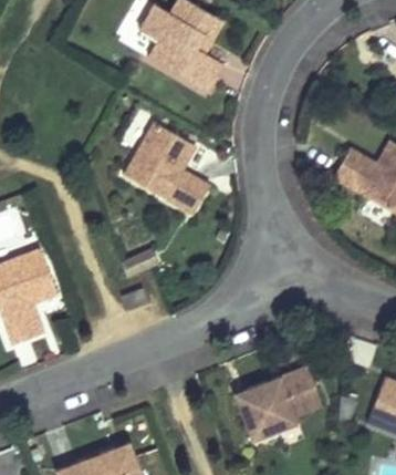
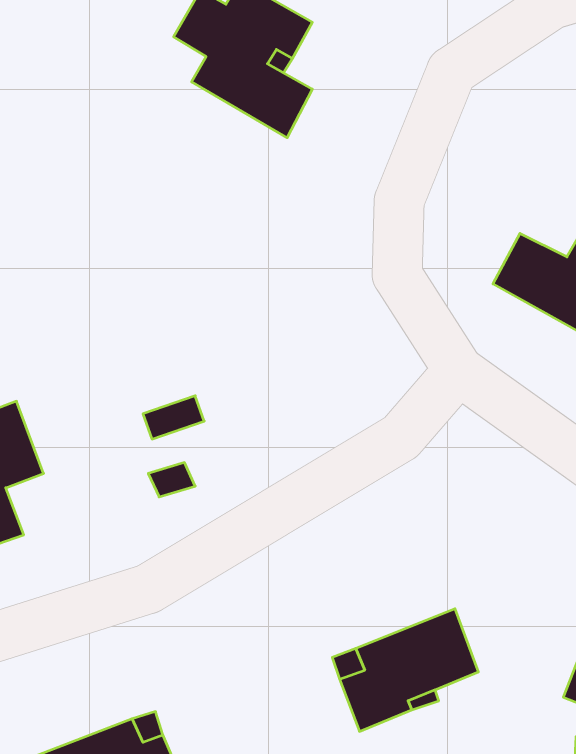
building: [118,118,208,215] -> none

